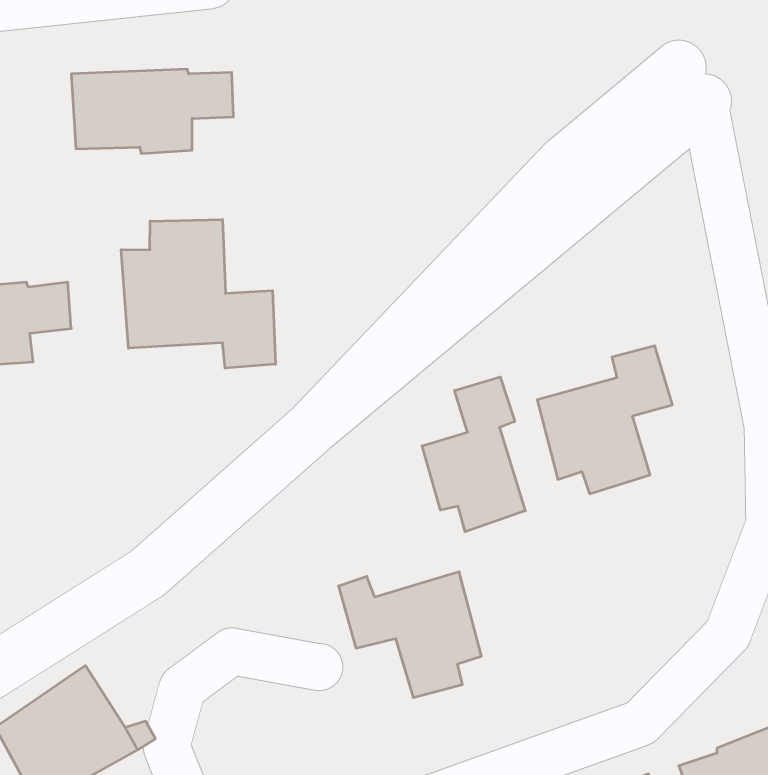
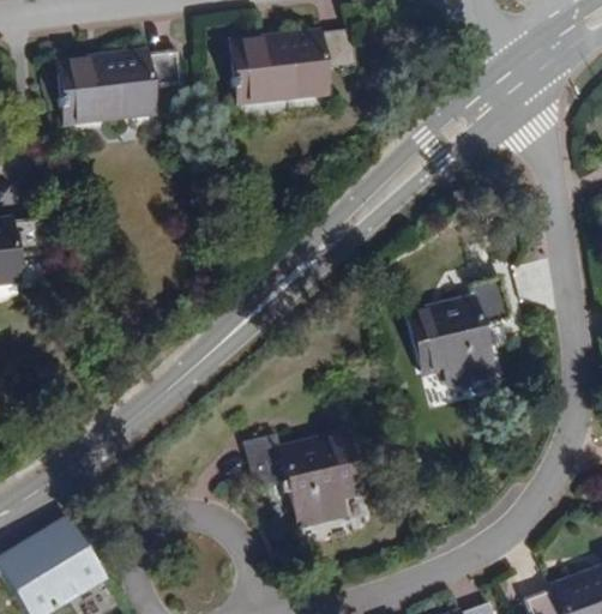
building: none -> [231,36,356,101]
building: [121,219,275,368] -> none
building: [422,377,525,532] -> none

